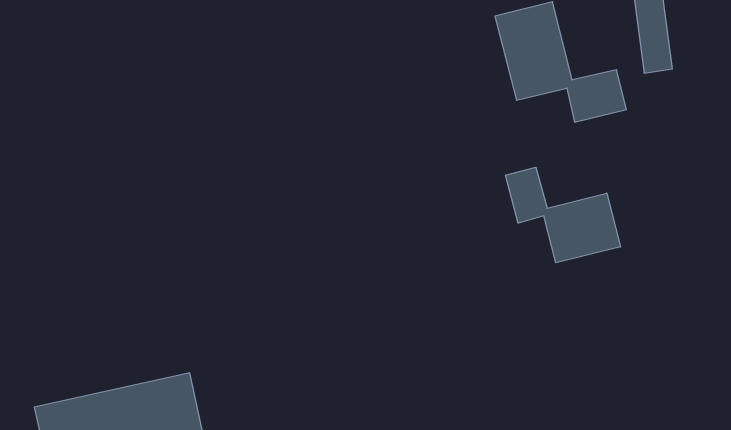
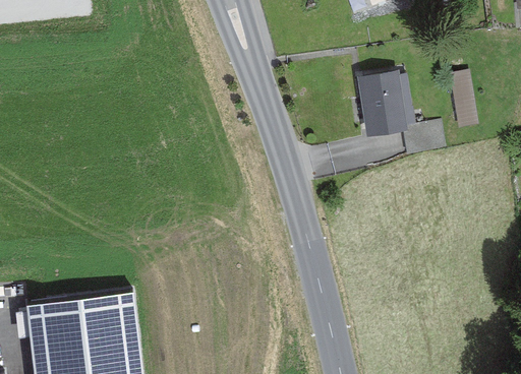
building: [506,167,620,263] -> none

